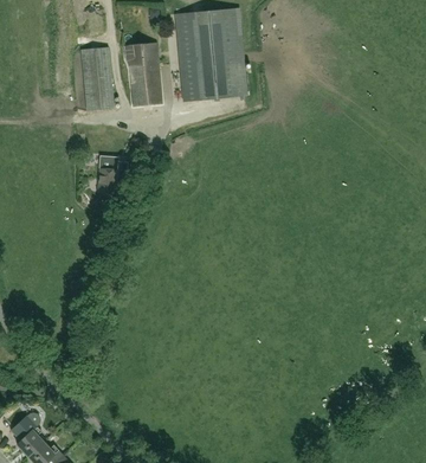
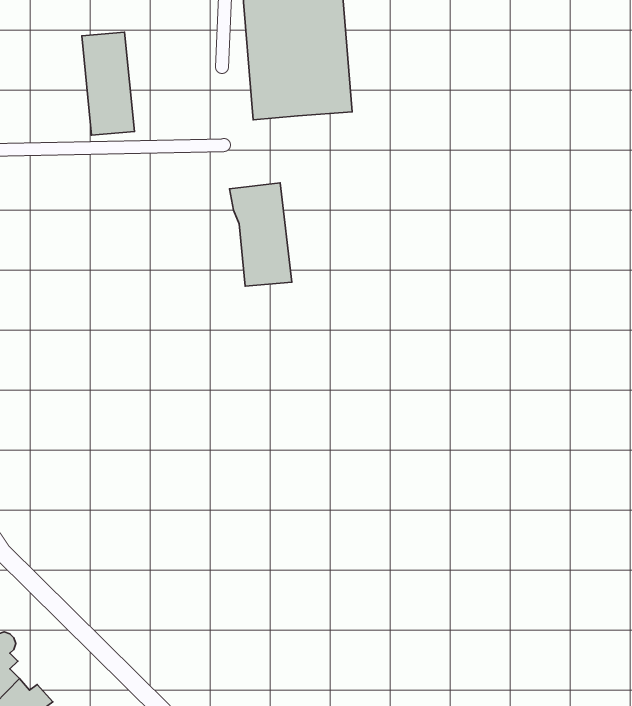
building: [123,43,161,105] -> [229,183,292,286]
building: [97,155,127,193] -> none

